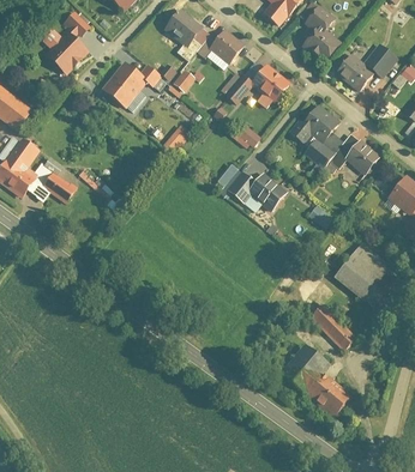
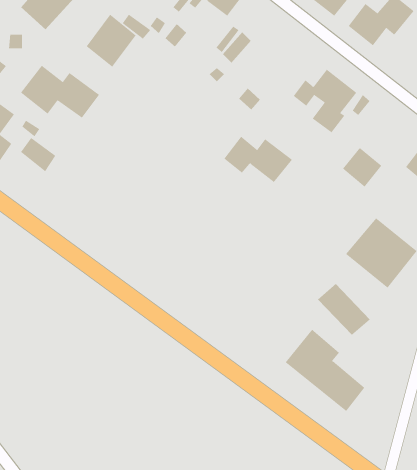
building: [251,65,289,101] -> none
building: none -> [20,65,100,119]
building: [343,139,379,175] -> [342,147,382,187]

